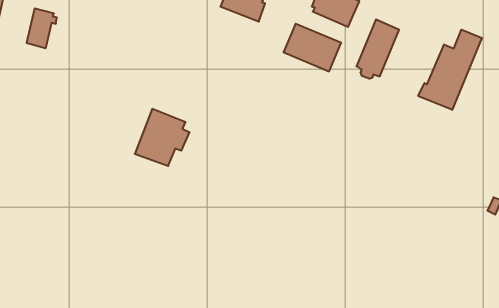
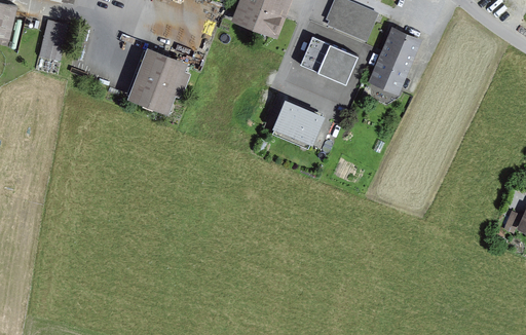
building: [418,30,482,110] -> none
building: none -> [274,101,320,140]
building: [135,109,190,166] -> [130,50,186,108]

